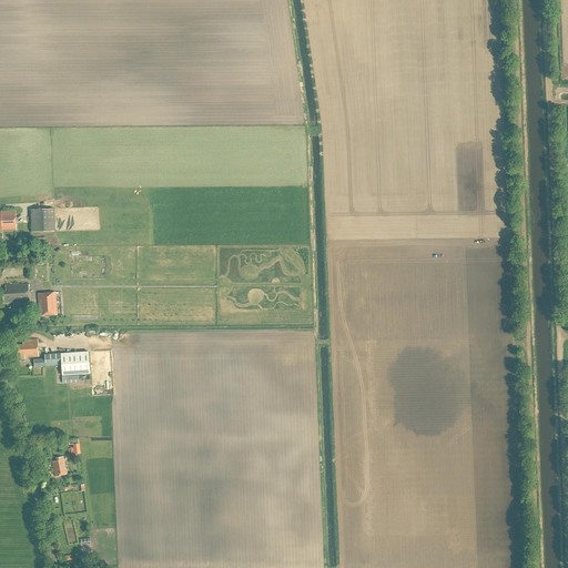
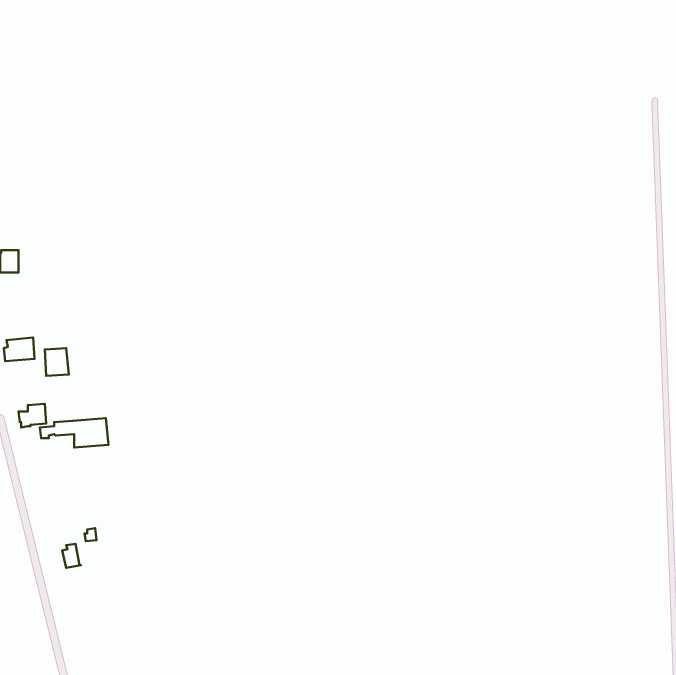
building: [31,207,55,231] -> none

